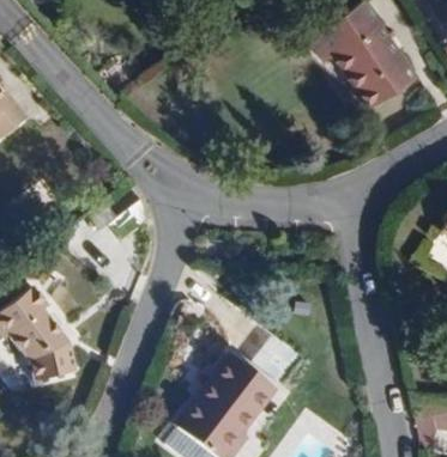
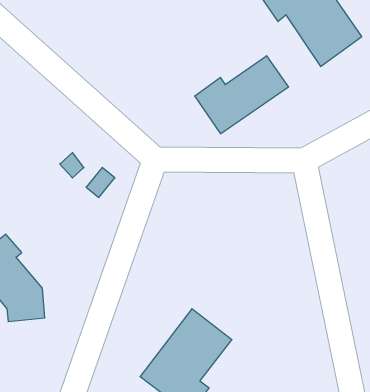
building: none -> [195,56,288,134]

